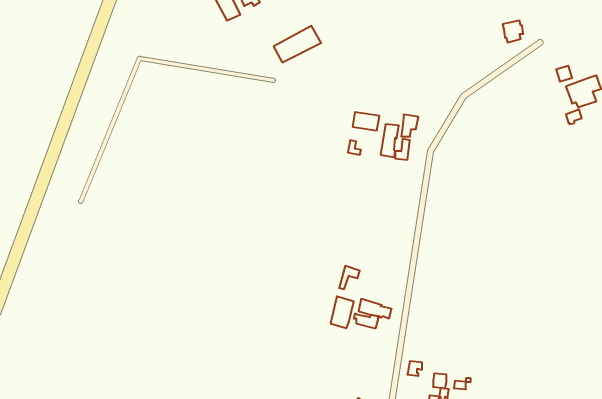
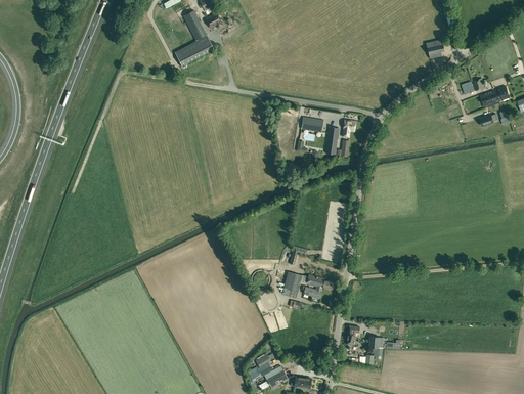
building: [274,26,321,62] -> [174,35,214,65]

